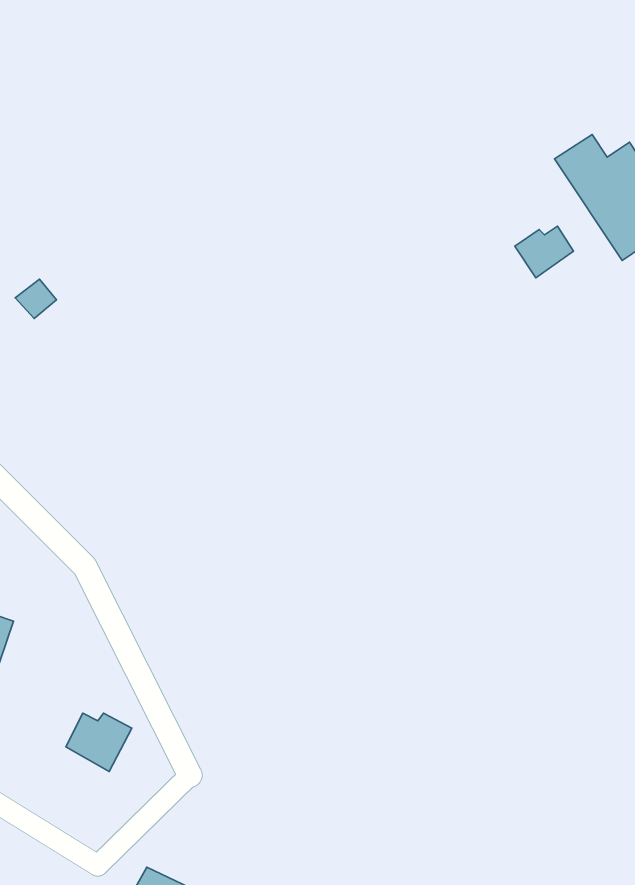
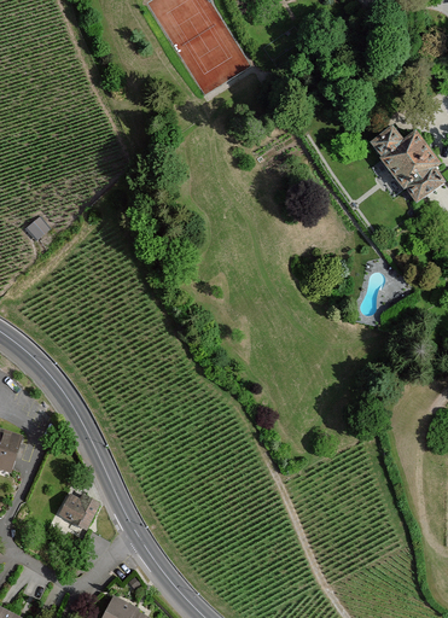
building: [515,226,573,278] -> none

